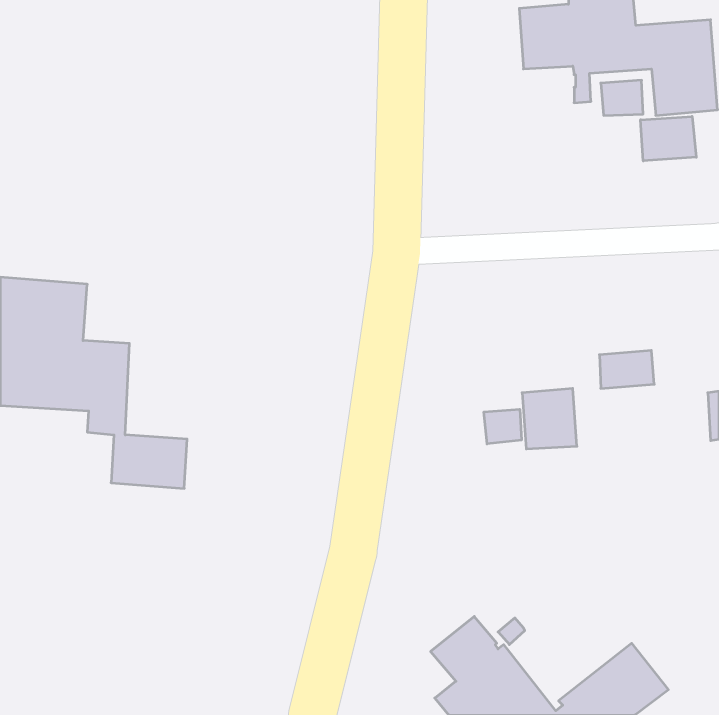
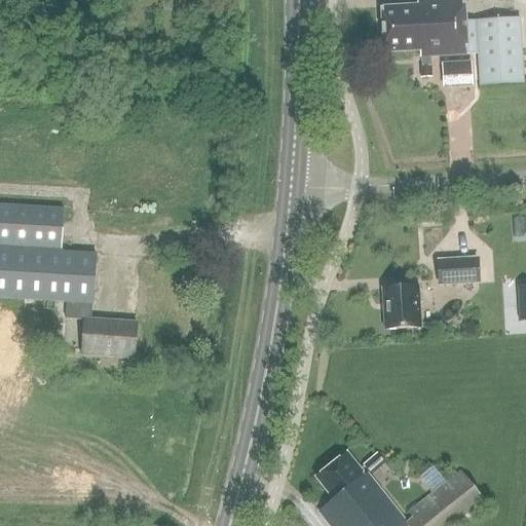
building: [641,116,696,161] -> none
building: [484,409,521,444] -> none

